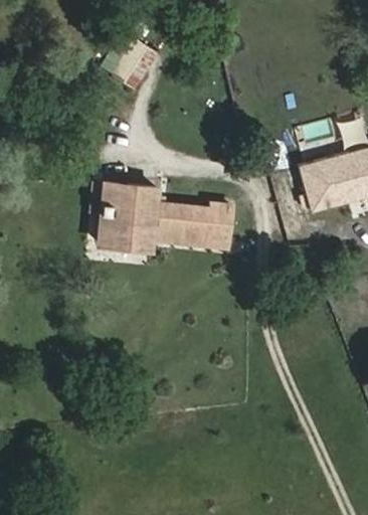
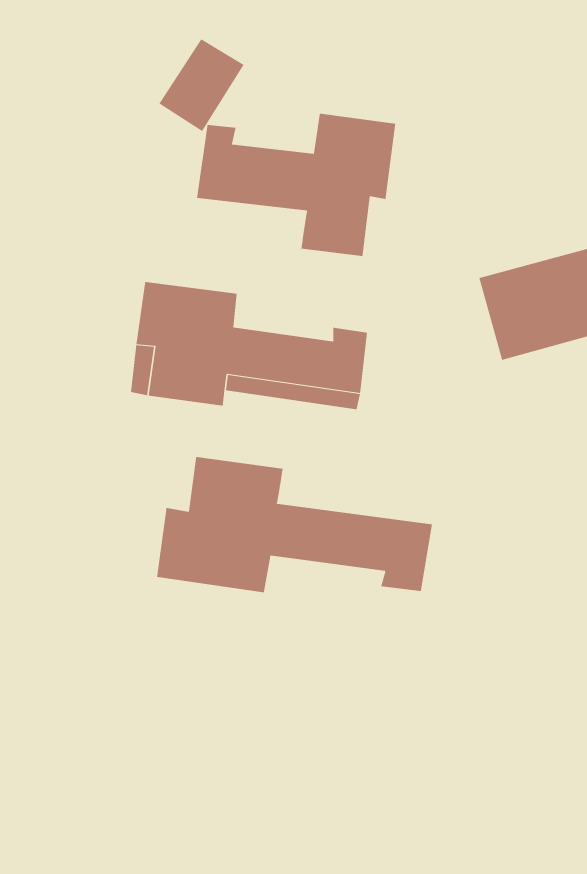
building: none -> [197,113,396,257]
building: none -> [157,456,432,593]

